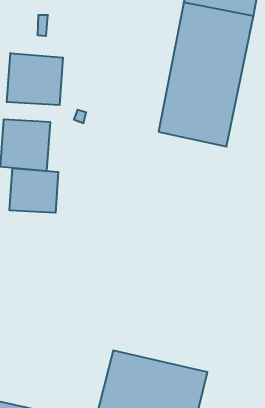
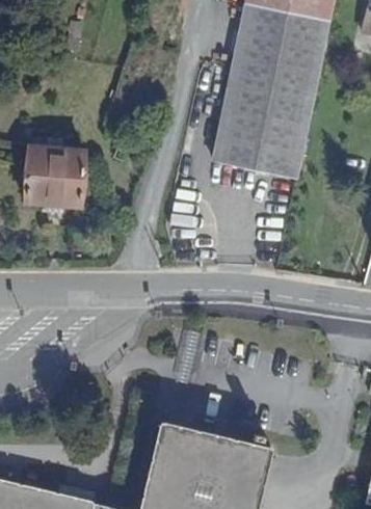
building: [7,53,63,105] -> none
building: [10,168,58,213] -> none

